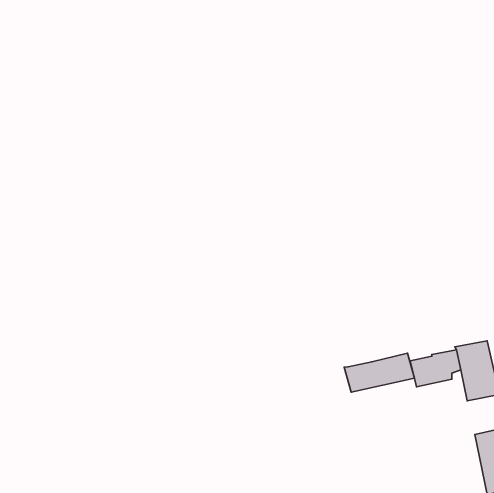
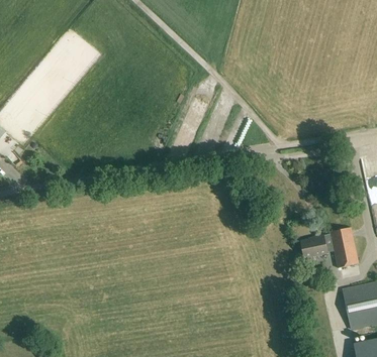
building: [344,353,414,392] -> none

